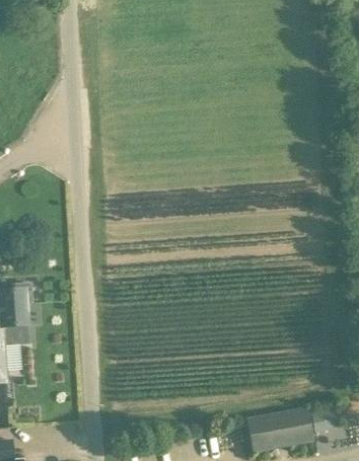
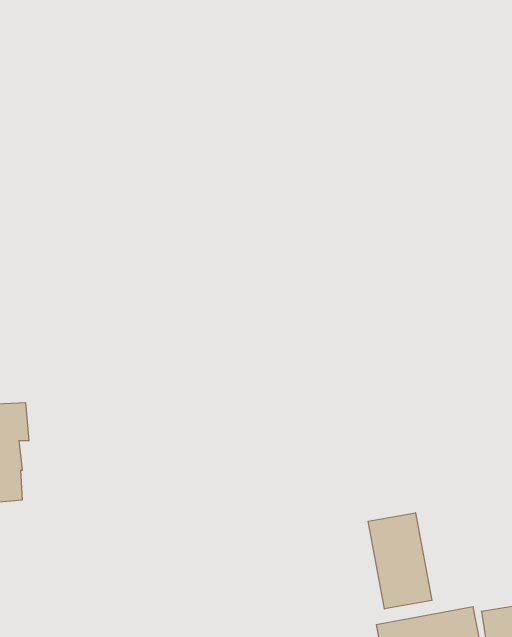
building: none -> [368,513,432,609]

